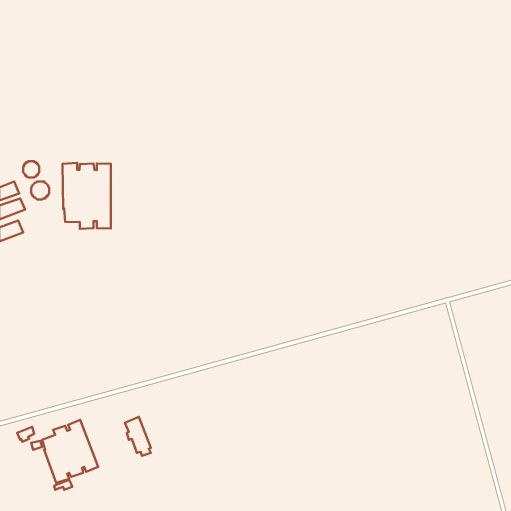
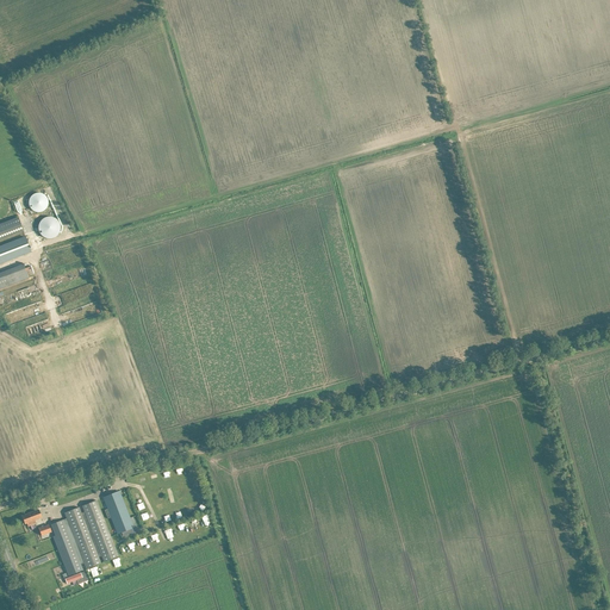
building: [63,163,111,229] -> none
building: [125,417,151,456] -> [101,490,132,536]

